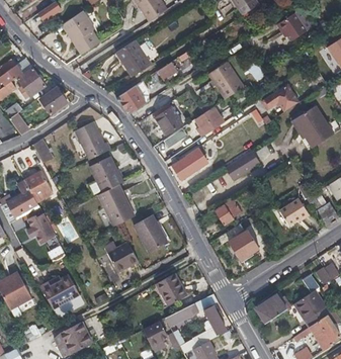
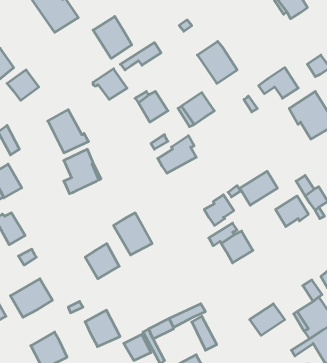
building: [221,155,254,185] -> [240,171,277,205]
building: [97,186,132,228] -> none
building: [157,274,188,306] -> [85,310,120,347]

